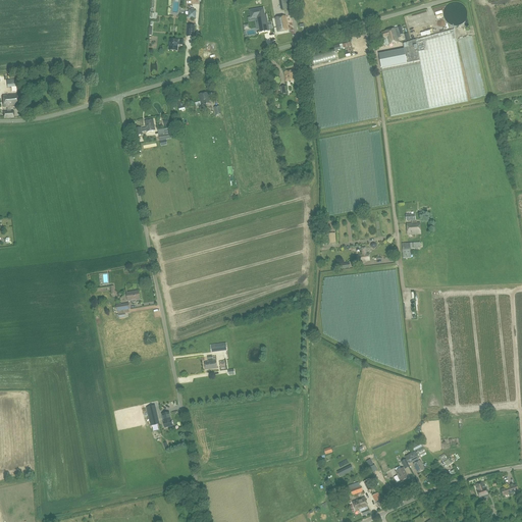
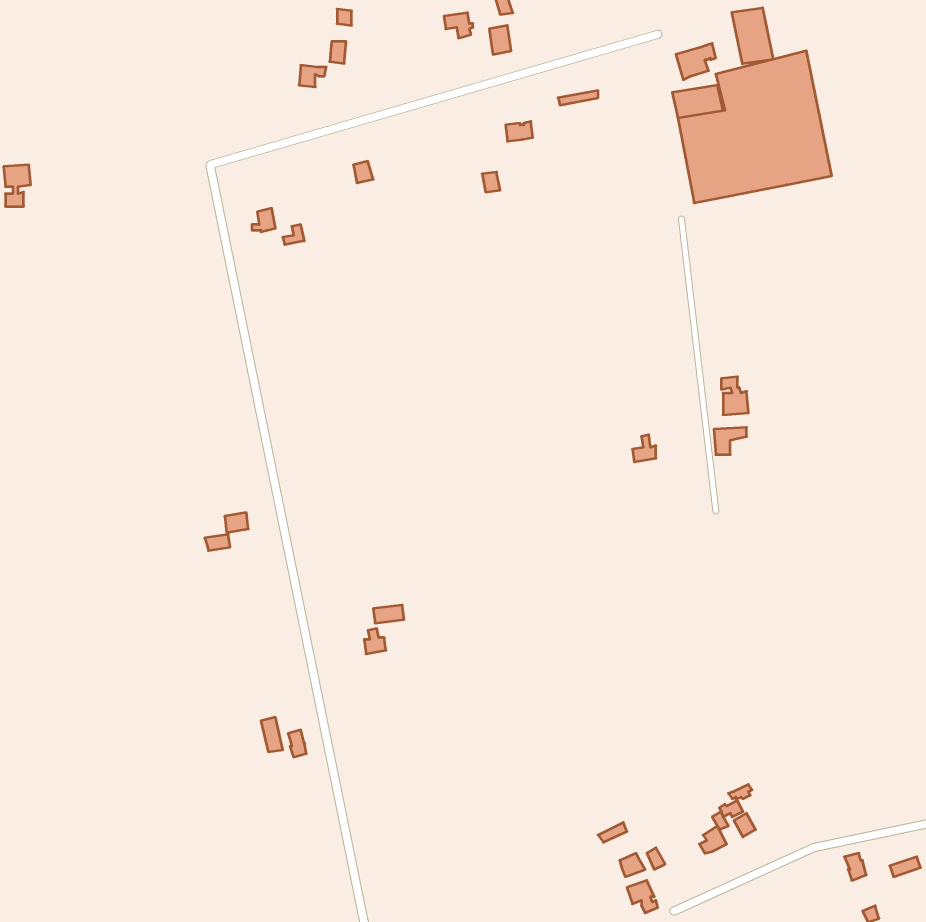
building: none -> [732,8,773,64]

